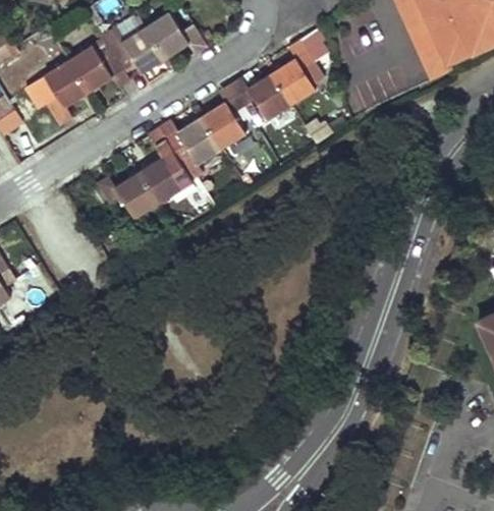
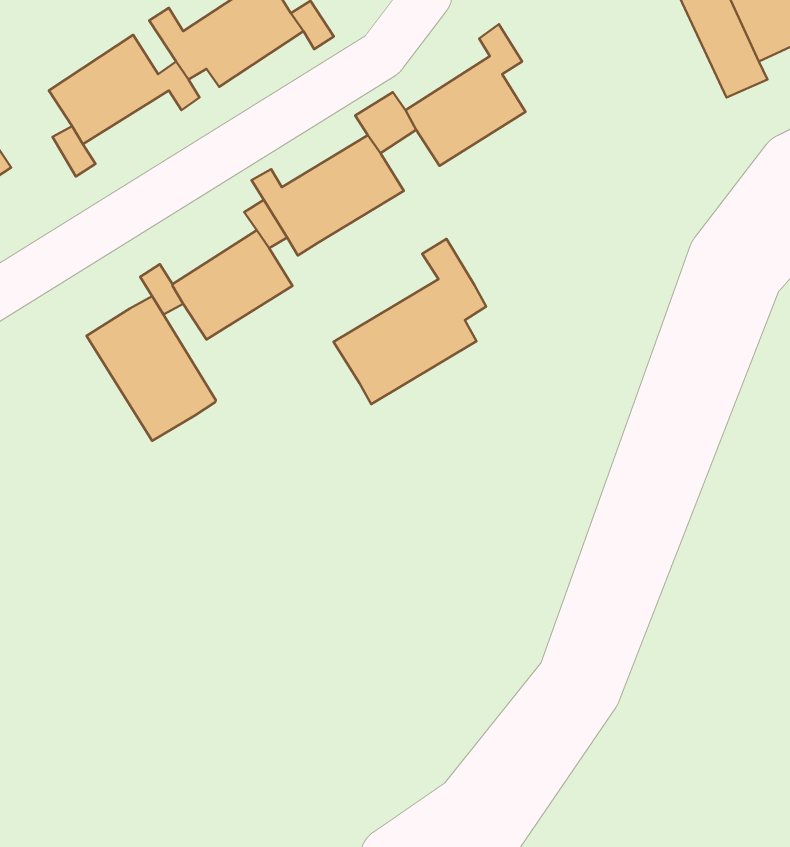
building: none -> [333,239,486,404]
building: none -> [87,296,216,441]

